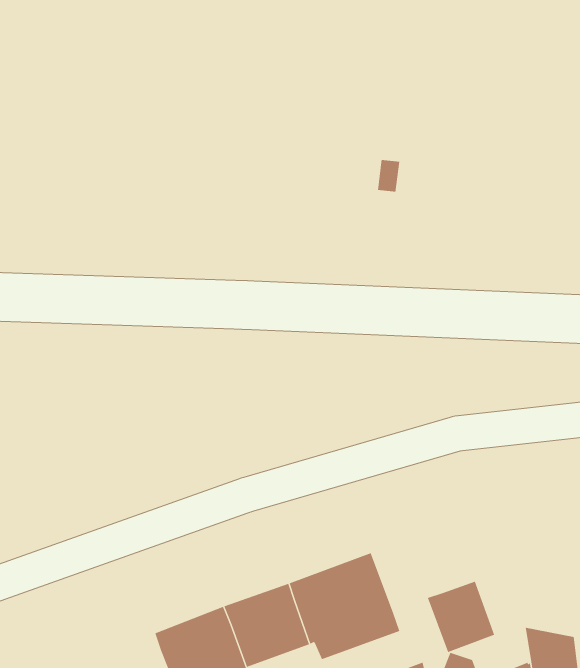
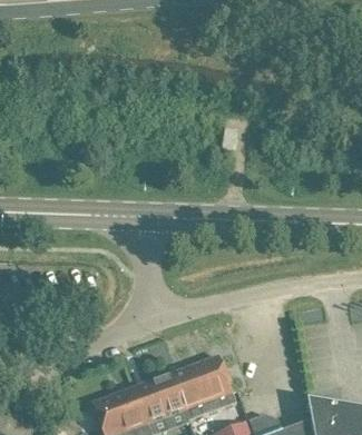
building: [427,581,495,653] -> none

